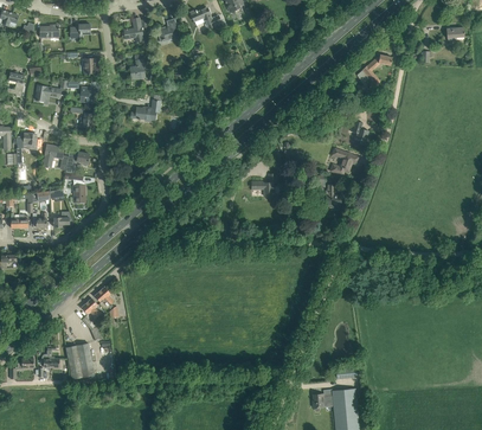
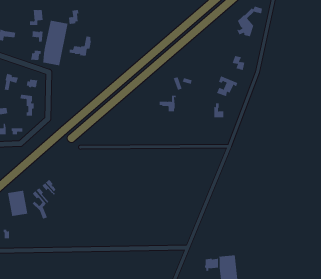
building: none -> [42,20,68,66]
building: [65,342,94,378] -> [7,190,28,217]

